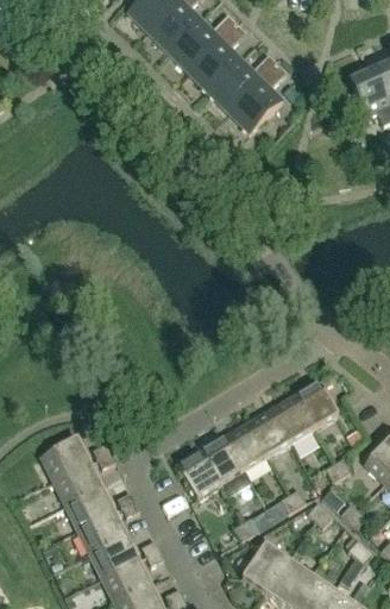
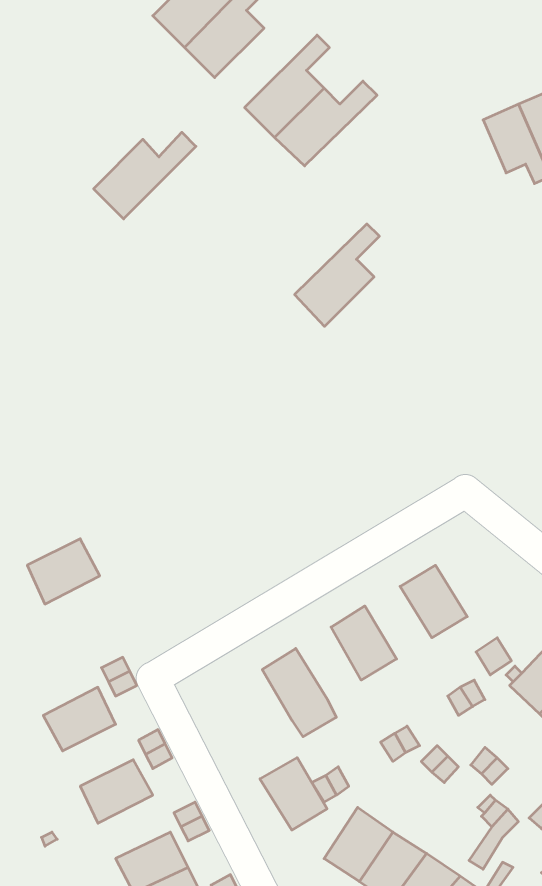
building: [168,14,237,73] -> [94,132,196,219]
building: [228,64,285,133] -> [295,224,379,326]
building: [269,395,314,444] -> none
building: [222,422,266,471] -> none
building: [40,438,89,482] -> [27,539,100,604]
building: [175,451,220,500] -> [260,758,327,830]
building: [65,488,113,529] -> none
building: [89,535,138,578] -> none

